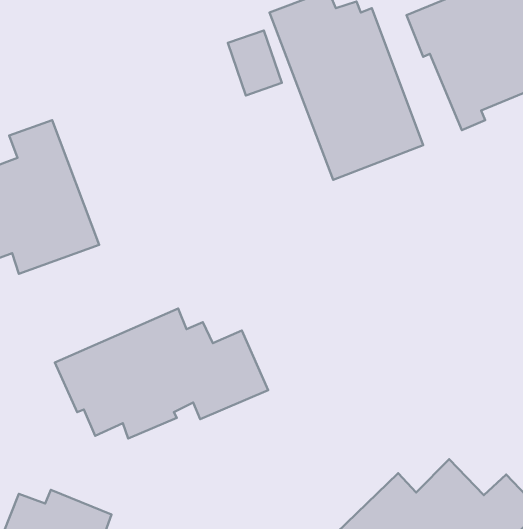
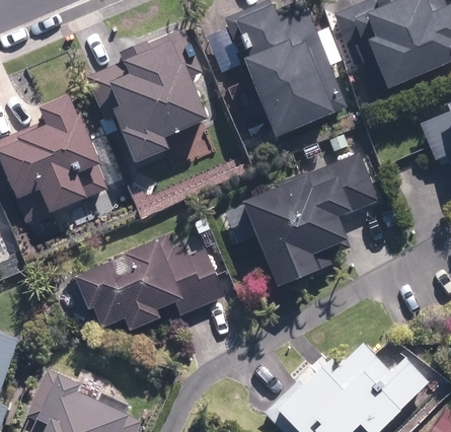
building: none -> [91,28,212,173]
building: none -> [242,154,377,285]

